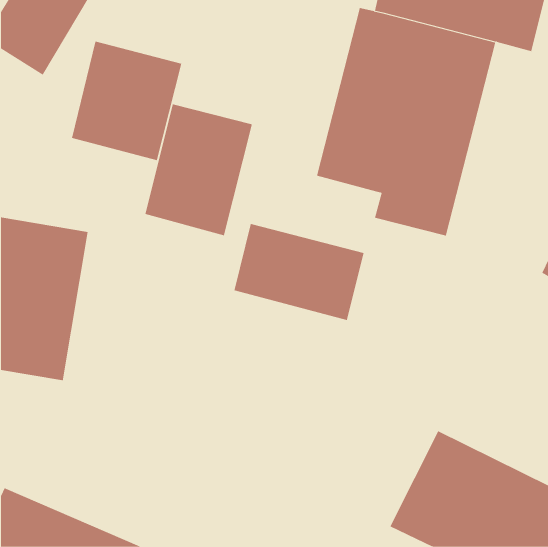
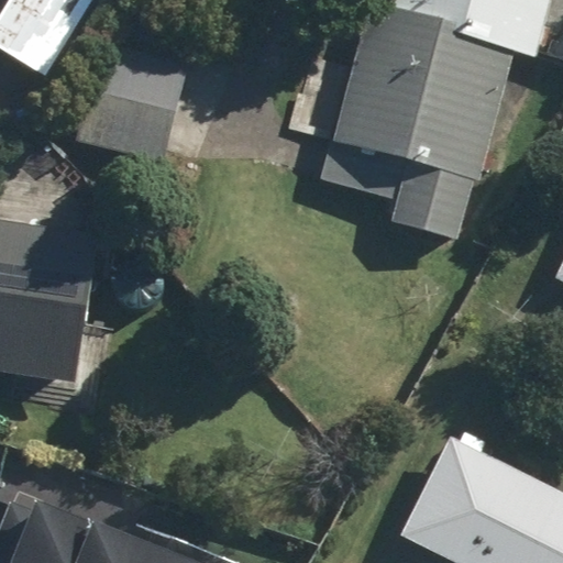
building: [145,103,253,236] -> none
building: [234,223,364,321] -> none

